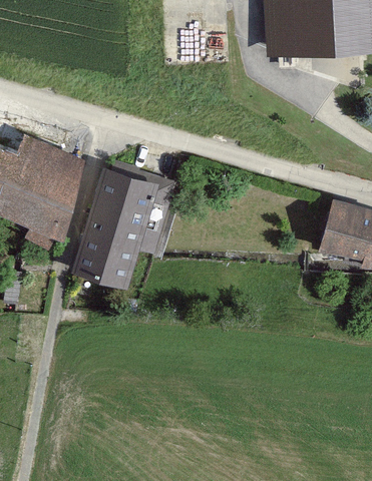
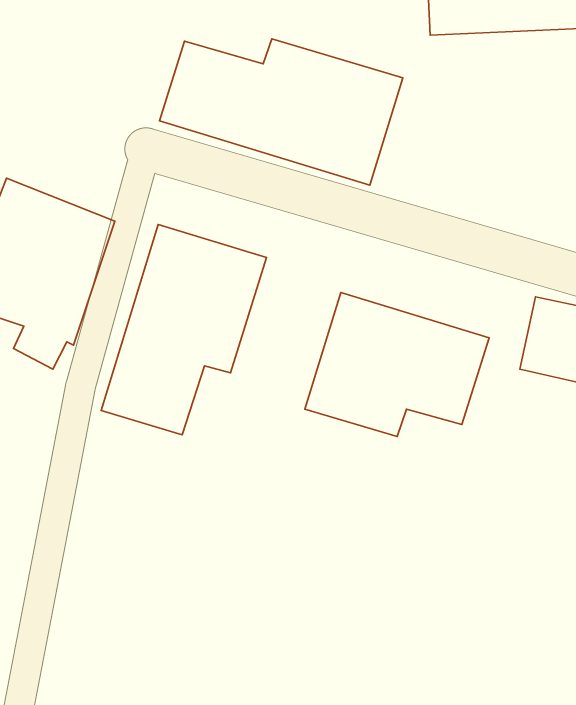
building: none -> [159,39,403,185]
building: none -> [305,293,489,436]

